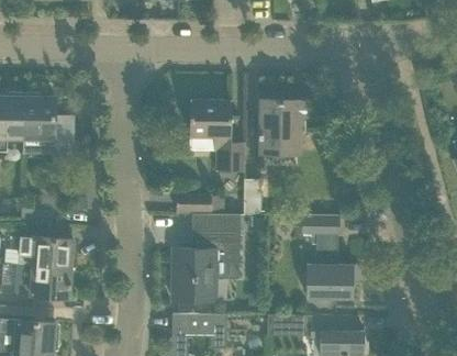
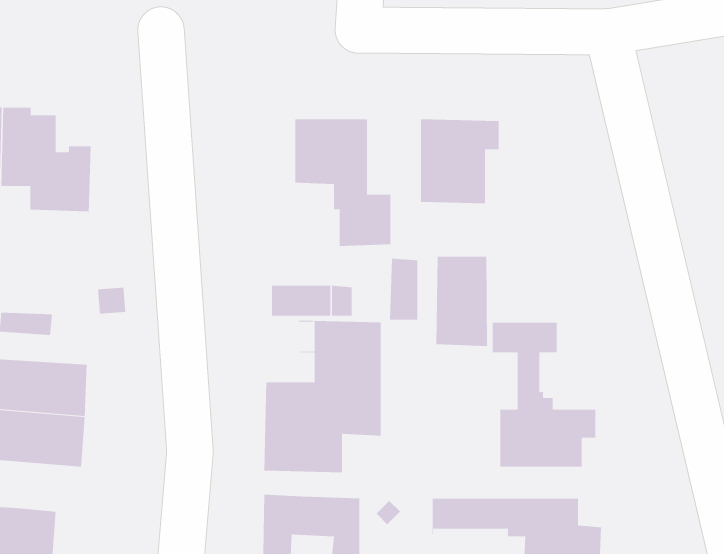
building: none -> [436,256,487,347]

